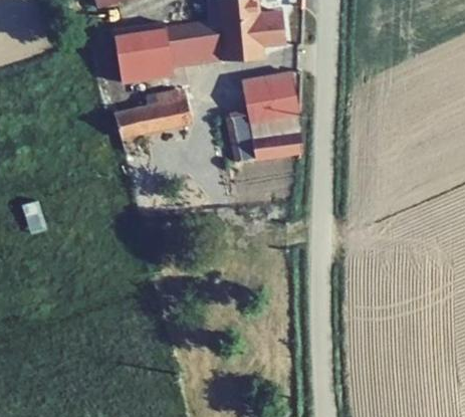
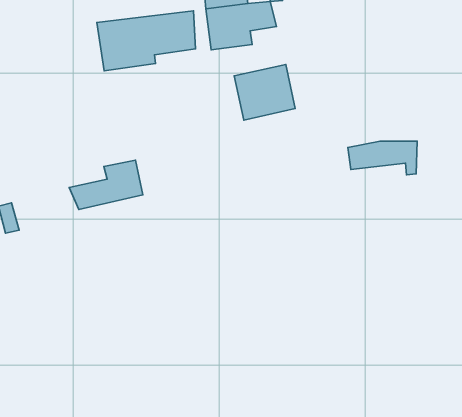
building: [123,97,193,145] -> [69,160,143,210]
building: [237,130,303,162] -> [348,141,417,175]

